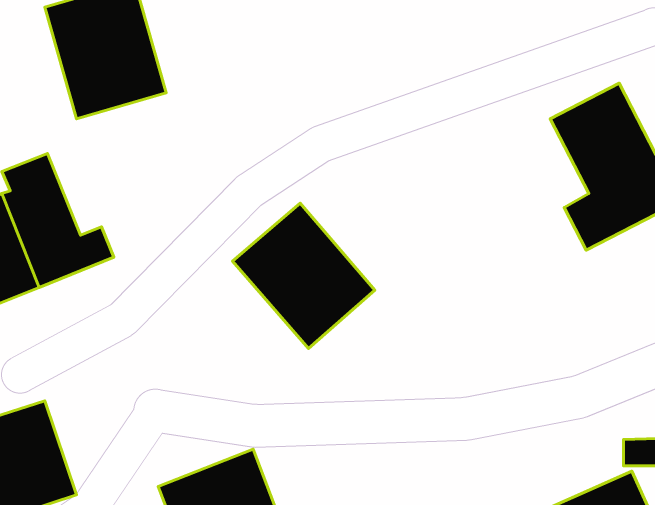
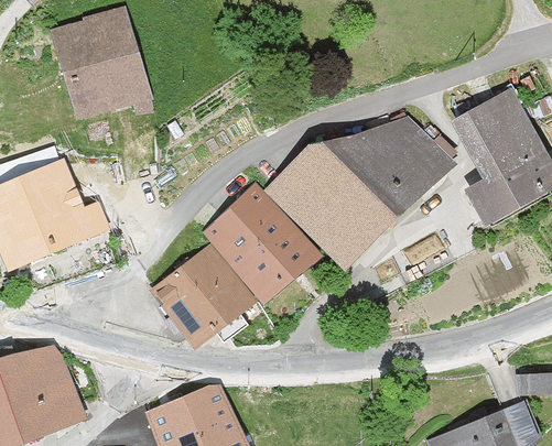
building: none -> [267,117,458,270]
building: none -> [156,242,258,345]

